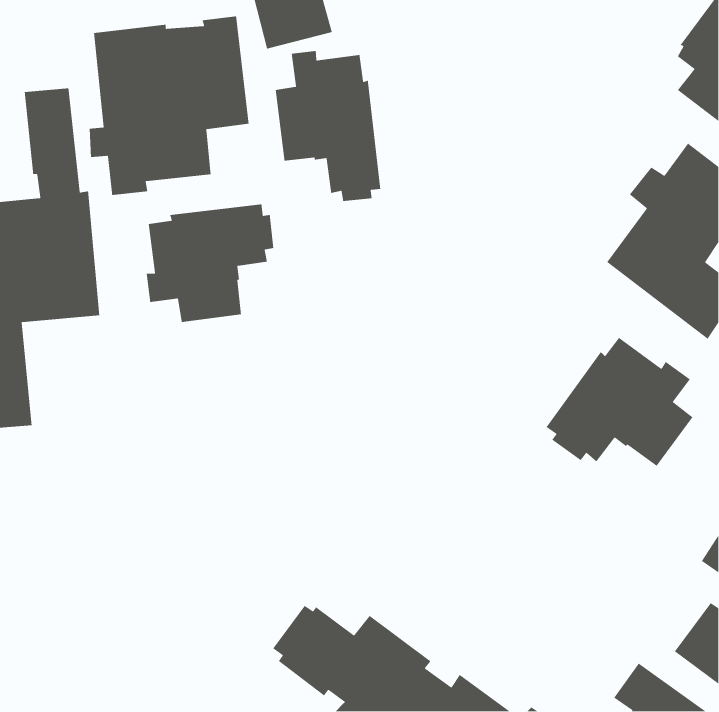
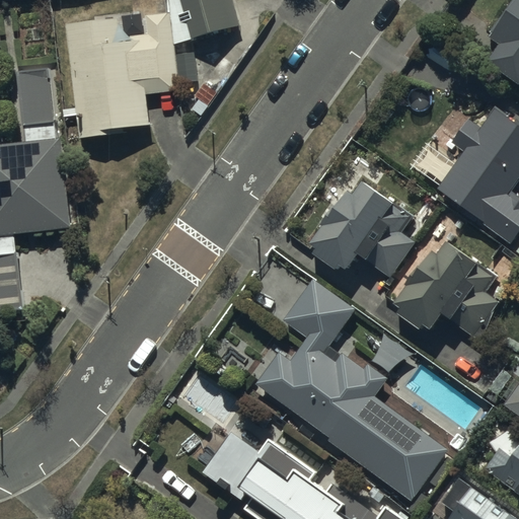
building: [275,50,381,202] -> none
building: [146,204,274,323] -> none
building: none -> [309,178,416,277]
building: none -> [254,277,448,501]

